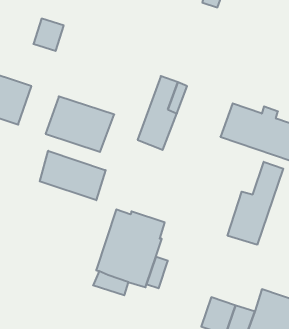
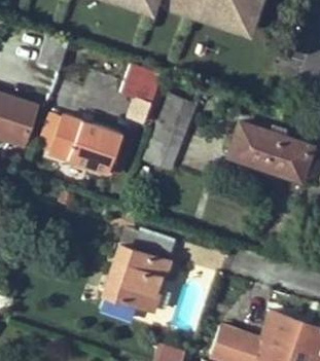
building: none -> [121,66,163,104]
building: [40,151,106,200] -> none
building: [228,162,283,245] -> none

